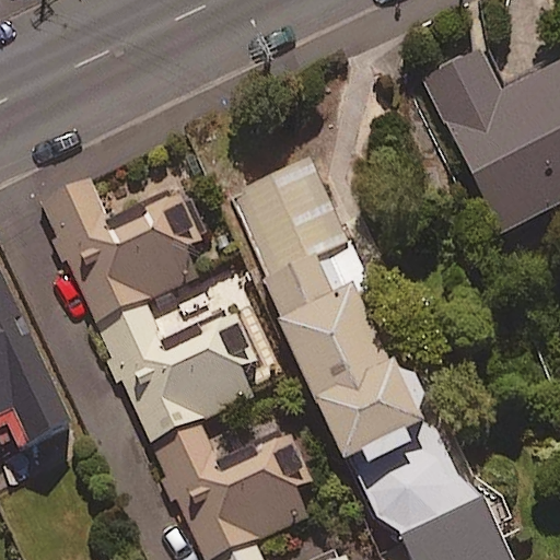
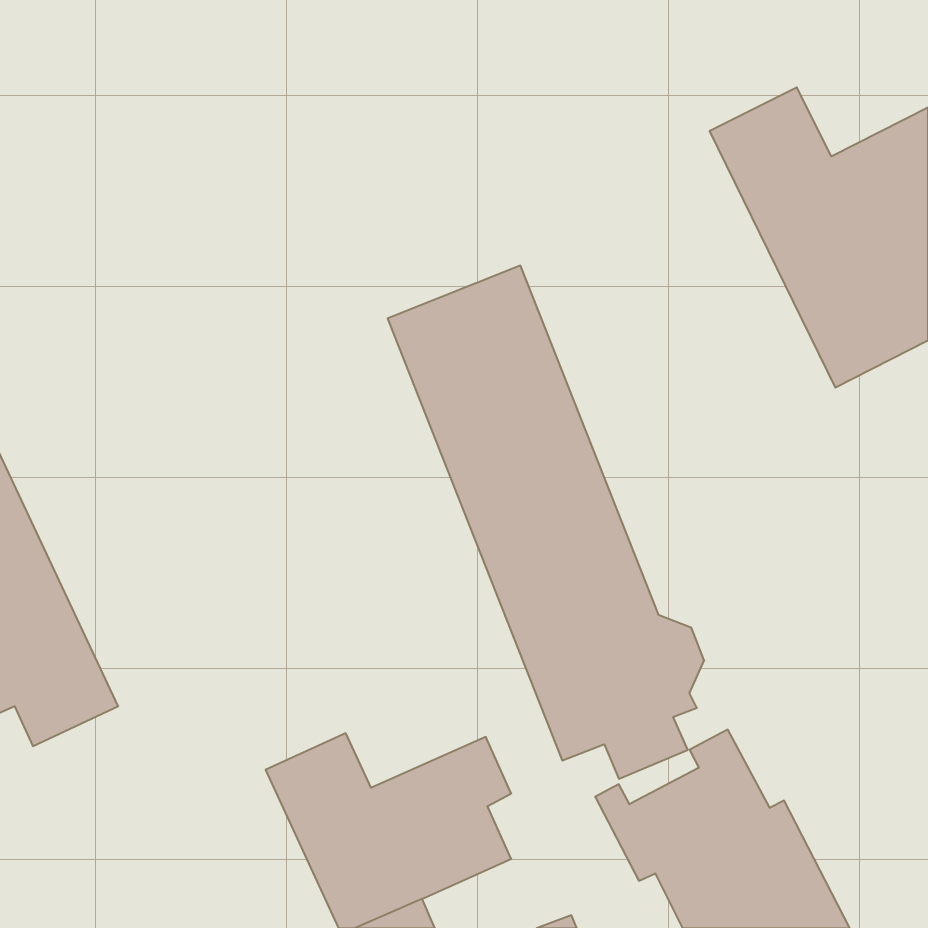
building: [42,180,255,441] -> none

